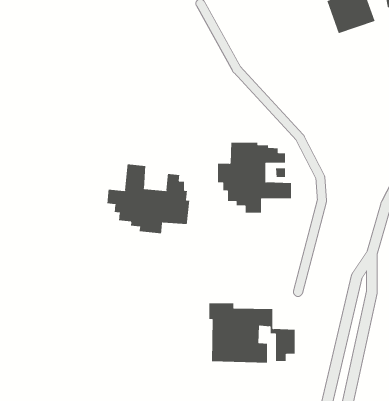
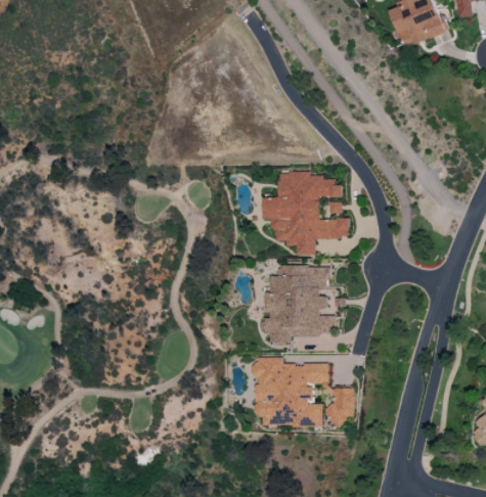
building: [107,164,190,234] -> none
building: none -> [259,264,335,343]

